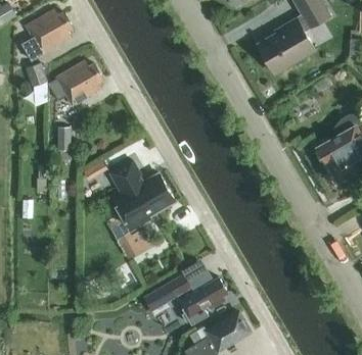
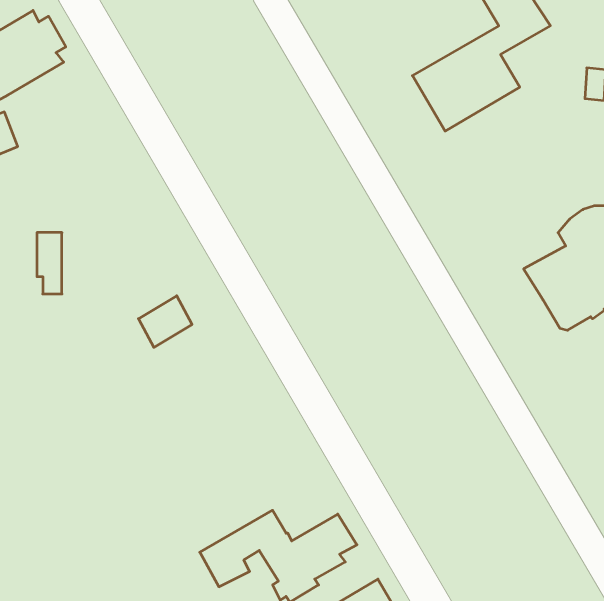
building: [47,61,103,105] -> none
building: [109,174,174,258] -> none

